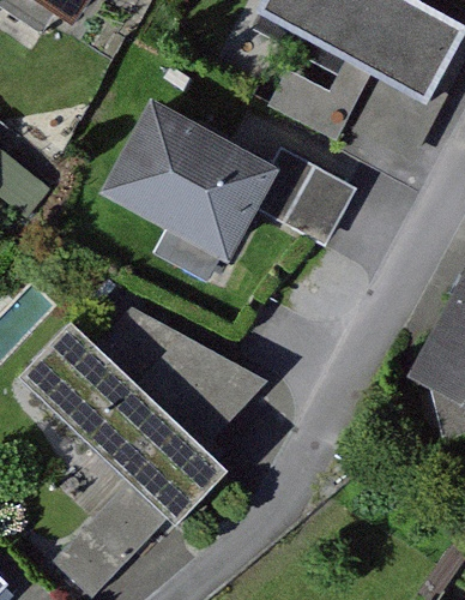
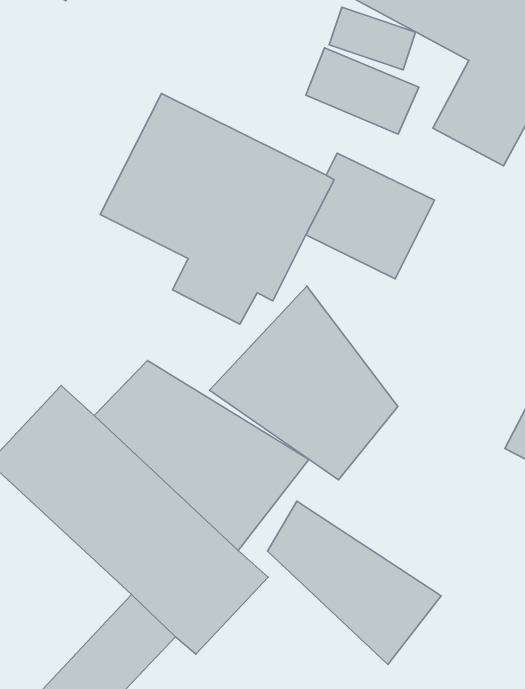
building: none -> [210,286,398,480]
building: none -> [268,501,441,665]

